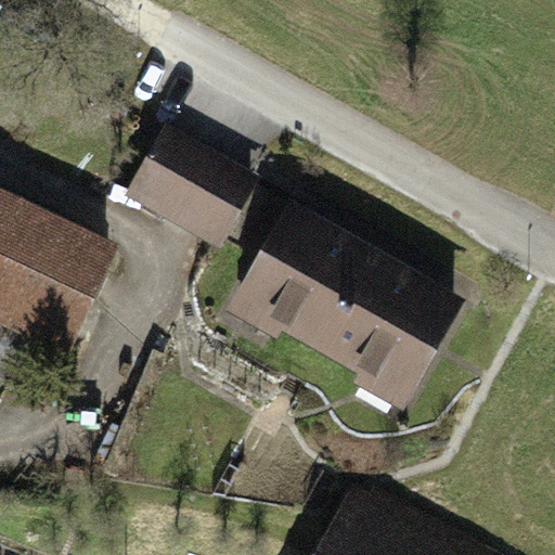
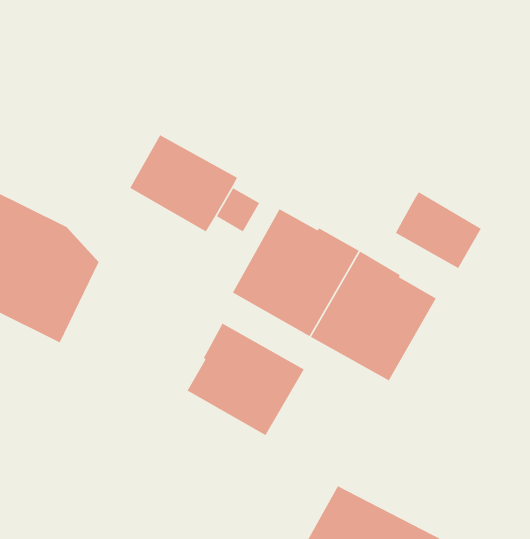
building: none -> [395,191,482,269]
building: none -> [187,322,305,436]

